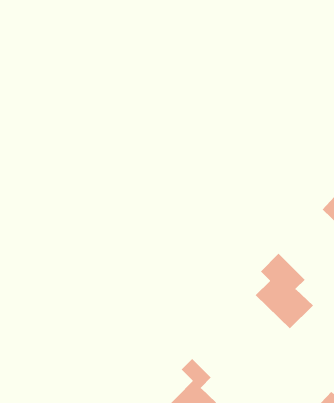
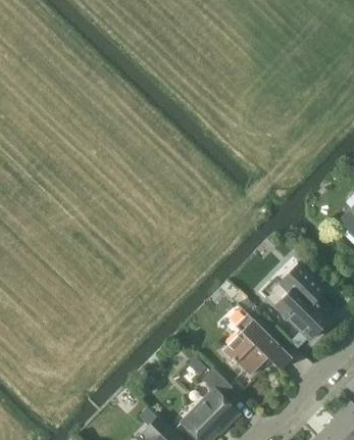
building: none -> [221,314,292,377]

